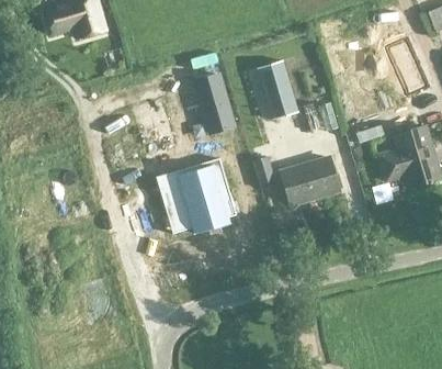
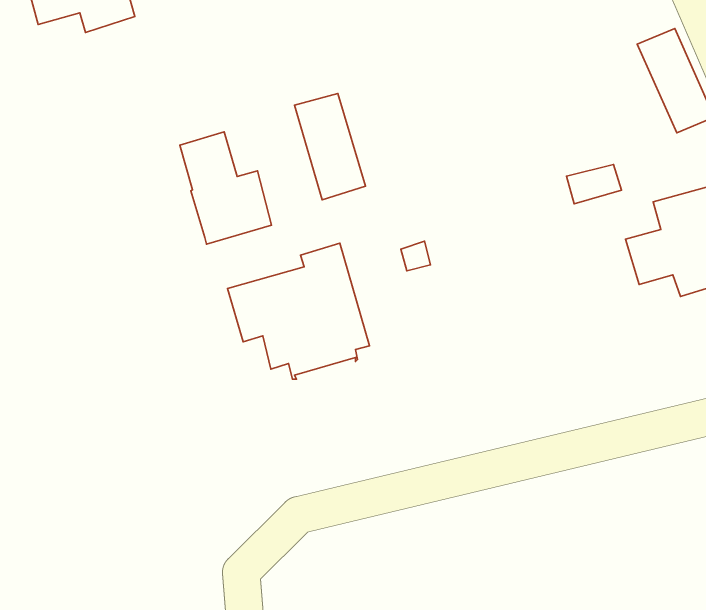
building: [256,59,297,119] -> none
building: none -> [180,132,271,244]
building: [280,156,338,204] -> none

